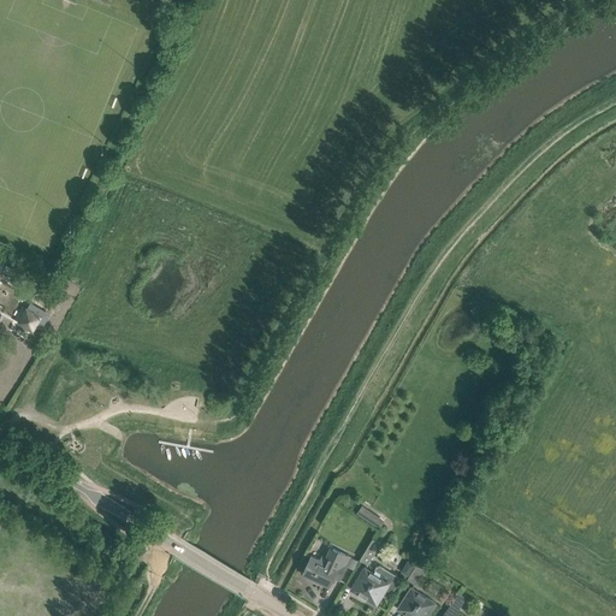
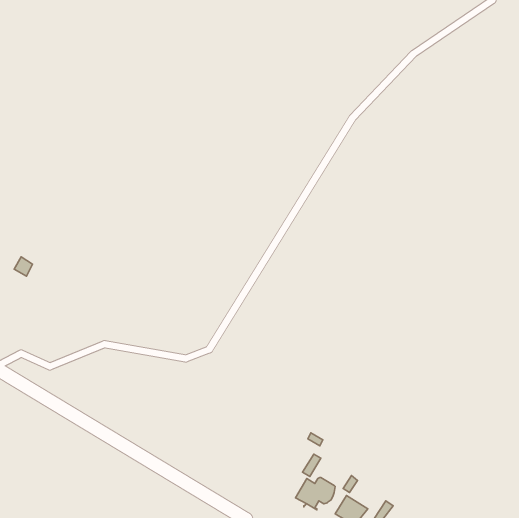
building: [302,549,350,587] -> none

